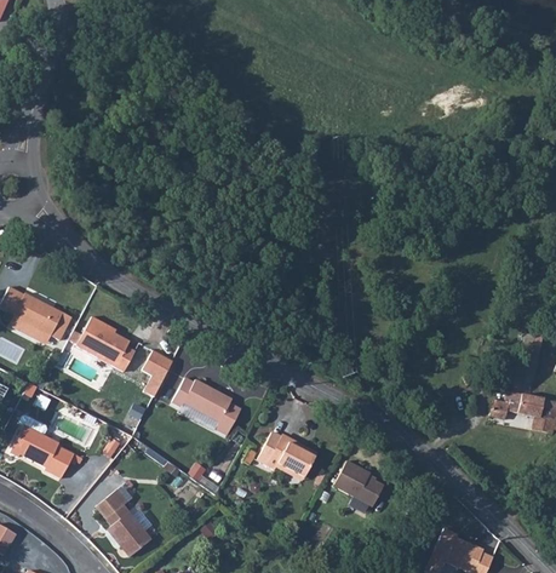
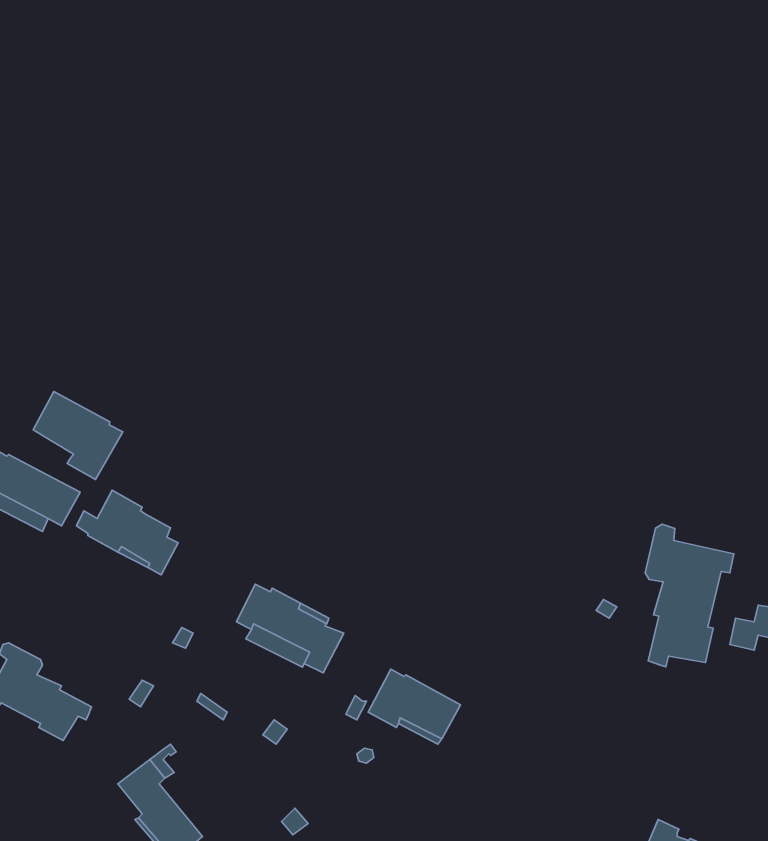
building: none -> [33,392,123,480]
building: none -> [645,524,734,667]
building: [142,350,172,396] -> none
building: [333,460,384,506] -> none

